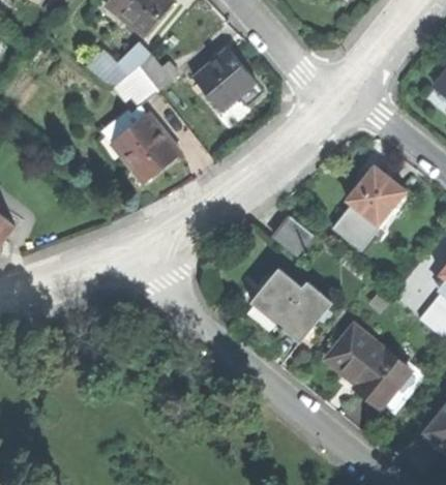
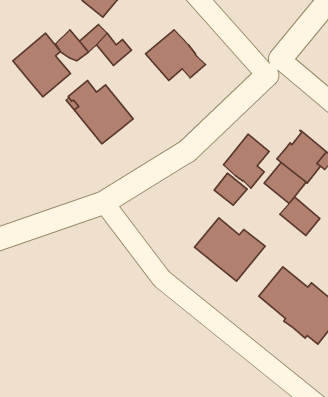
building: none -> [13,33,71,97]
building: [114,67,156,105] -> none
building: none -> [224,134,269,188]
building: none -> [280,197,320,235]

